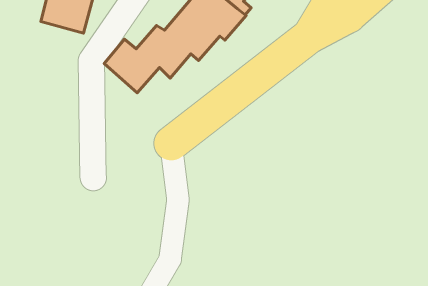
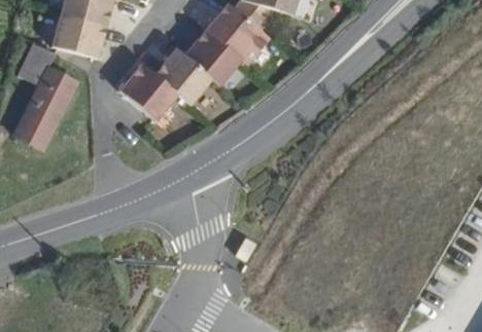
building: none -> [15,41,77,148]

